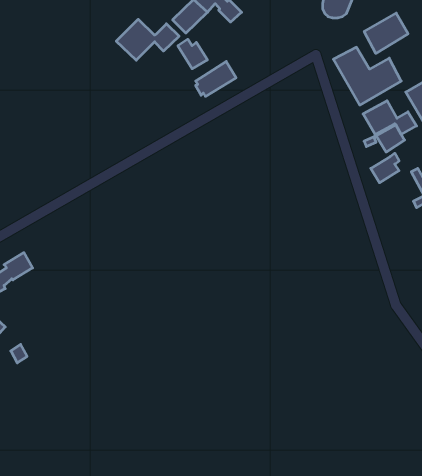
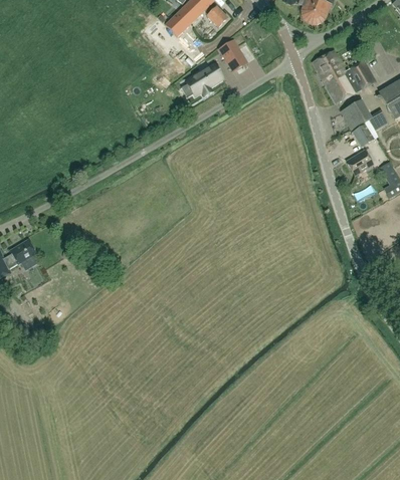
building: [364,13,408,53] -> none
building: [116,19,179,60] -> none
building: [178,39,207,69] -> [220,43,247,70]

